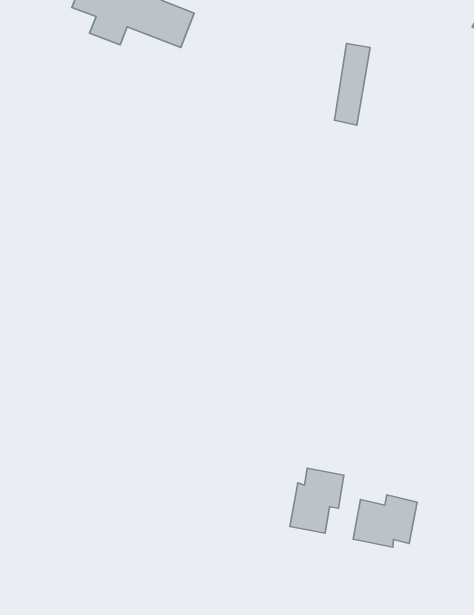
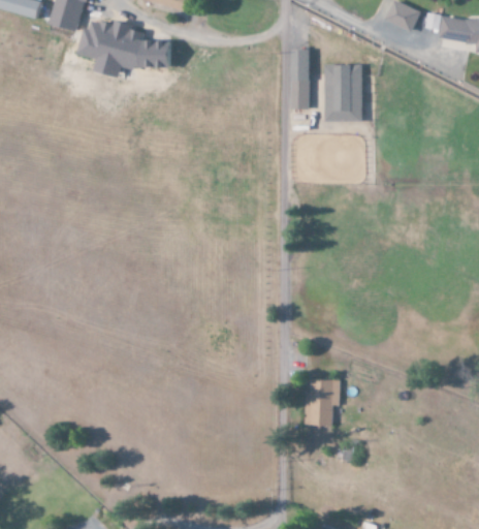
building: none -> [325,63,362,121]
building: [353,495,417,547] -> none

